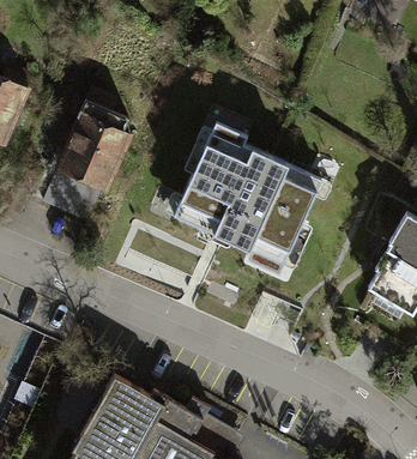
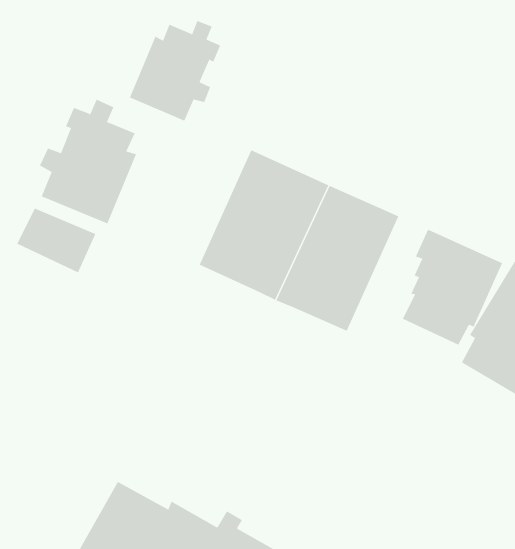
building: none -> [129,20,221,121]
building: none -> [402,229,503,345]

